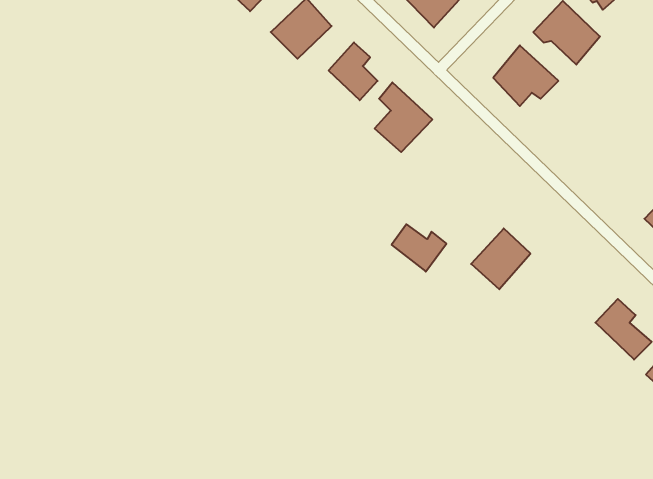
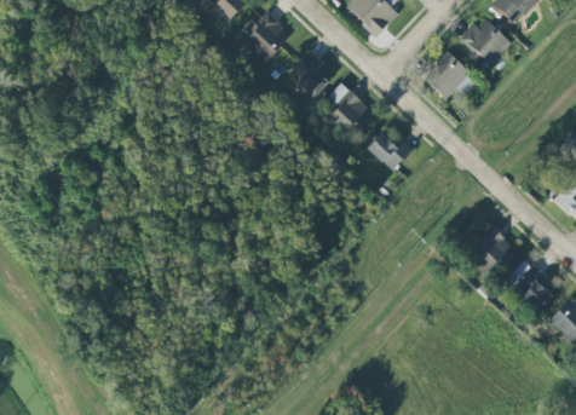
building: [392,224,446,272] -> [368,131,413,169]
building: [471,228,530,289] -> [468,227,517,277]

